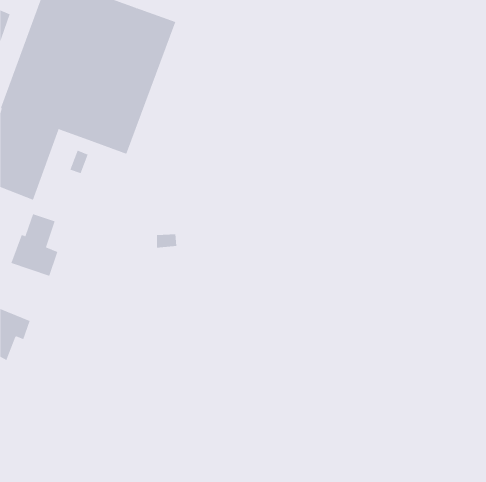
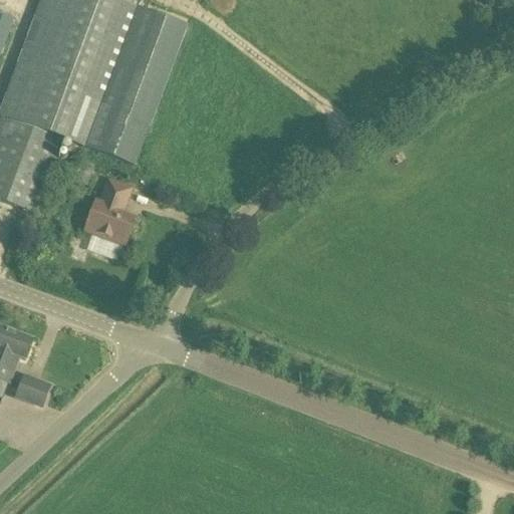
building: [11,214,58,277] -> [83,177,134,243]
building: none -> [14,373,48,404]

